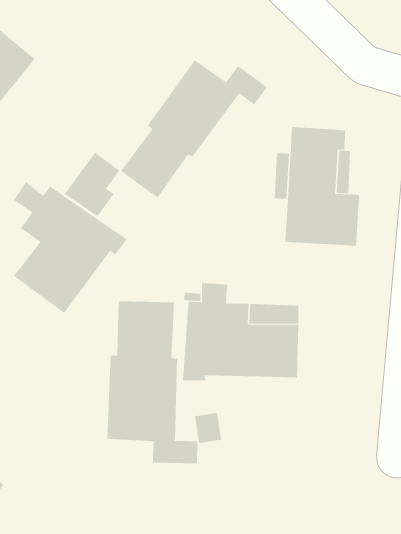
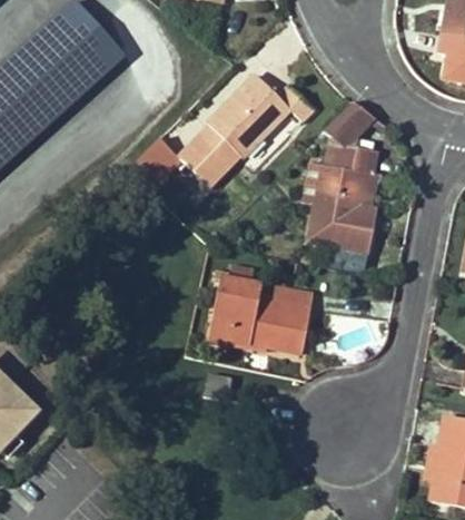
building: none -> [328,102,375,145]
building: [13,181,127,314] -> none
building: [107,300,198,464] -> none

